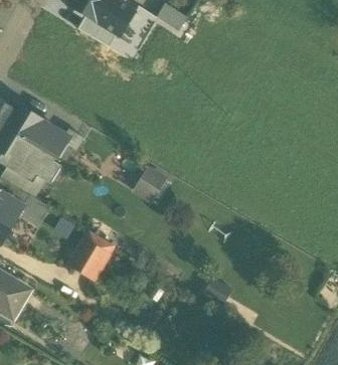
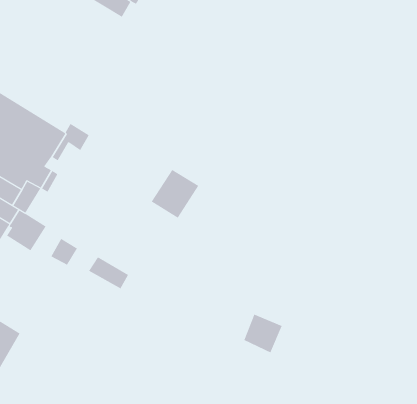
building: [69,241,108,278] -> none

